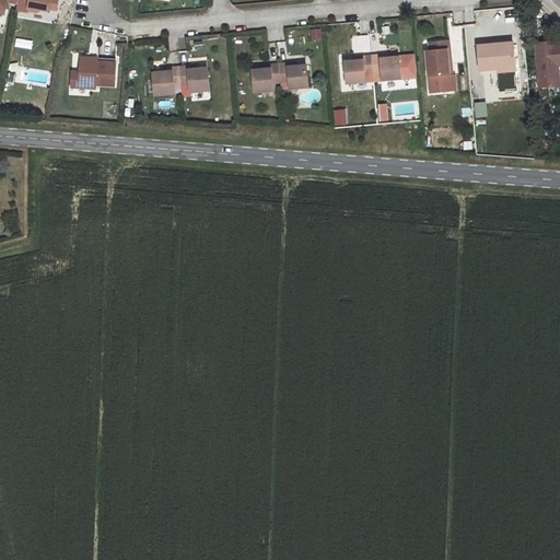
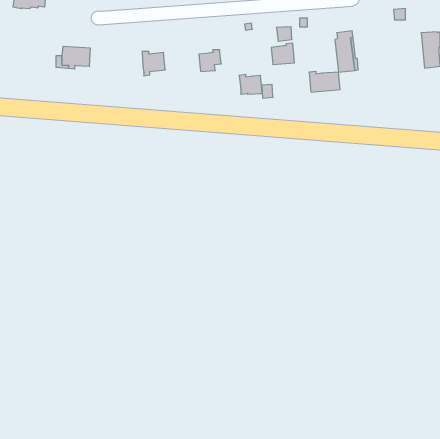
building: [478,42,515,70] -> none
building: [372,54,411,80] -> [309,71,340,92]
building: [279,62,308,88] -> [239,74,262,94]
building: [153,66,182,94] -> none

